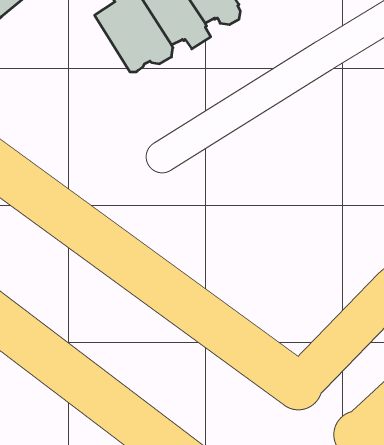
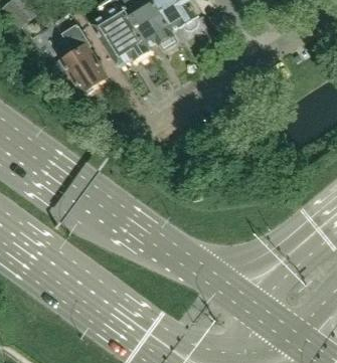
building: none -> [57,27,105,96]

